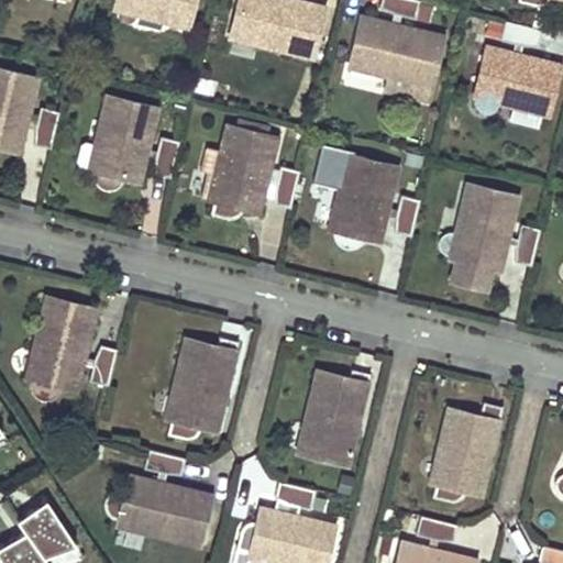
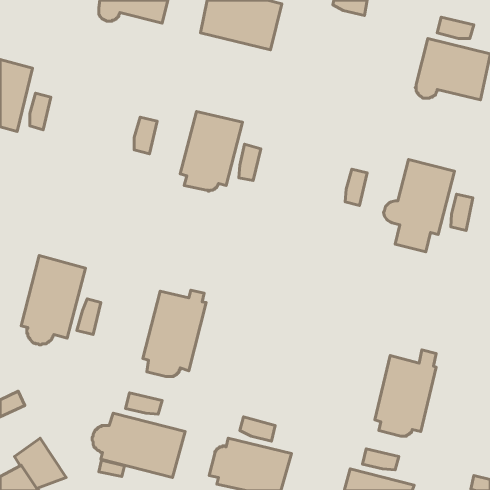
building: [351,14,445,87] -> none
building: [87,96,157,190] -> none
building: [316,148,400,251] -> none
building: [294,374,367,470] -> none

